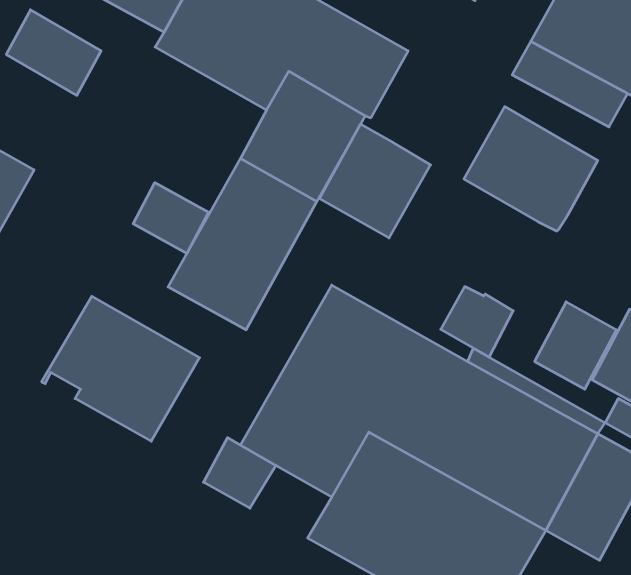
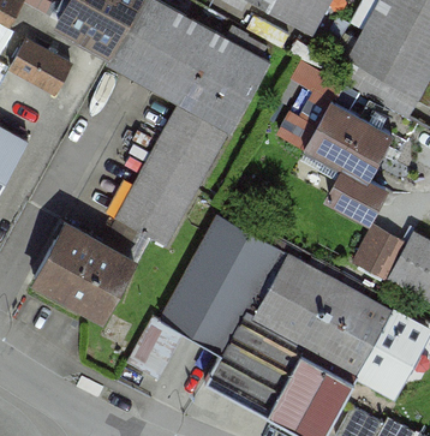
building: [320,124,431,238] -> none
building: [133,183,209,253] -> none
building: [441,287,513,357] -> [339,175,386,221]

